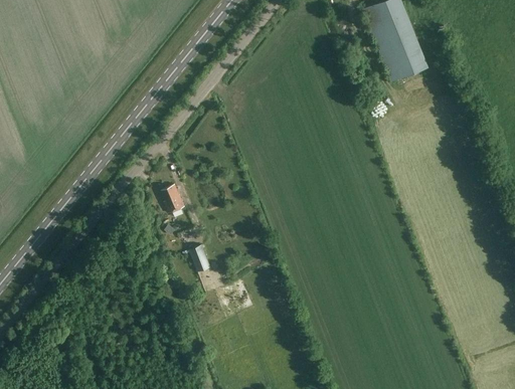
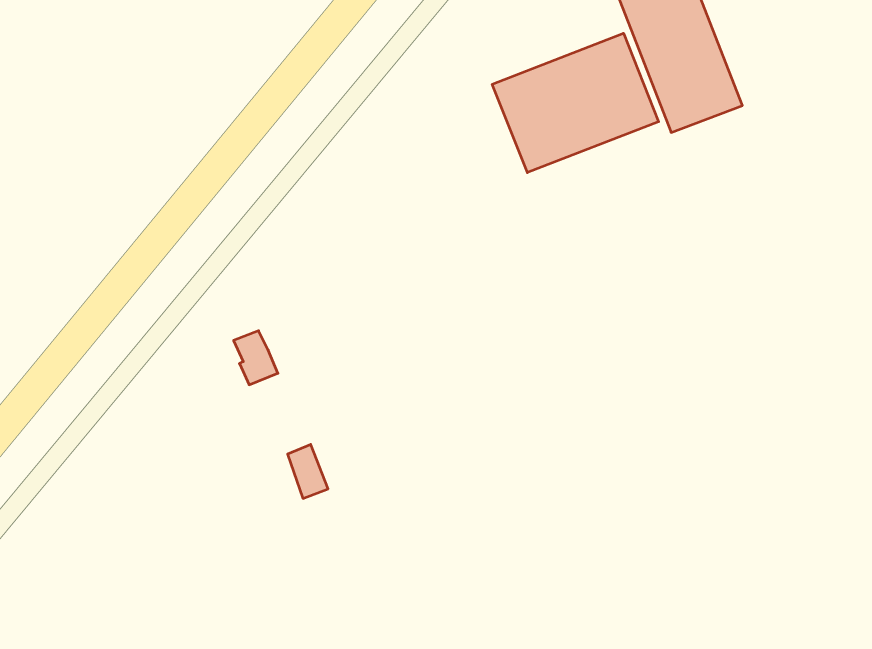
building: none -> [492,33,659,173]

